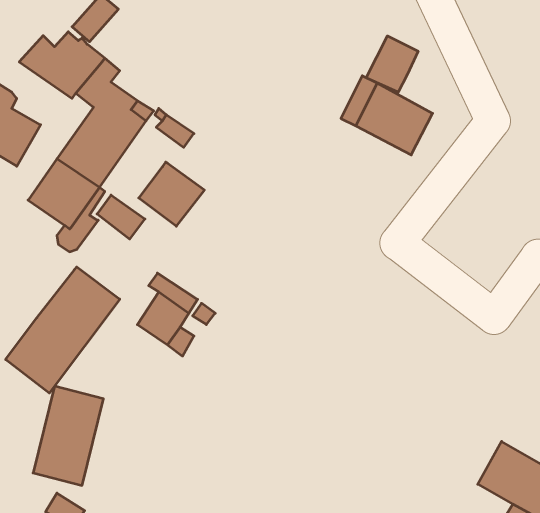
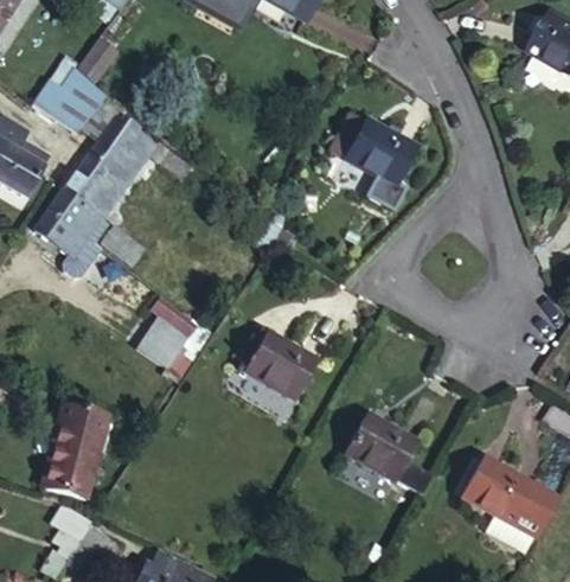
building: [366,36,418,92] -> none
building: [139,162,204,226] -> none
building: [6,267,120,393] -> none
building: none -> [238,328,316,399]
building: none -> [345,412,418,481]

